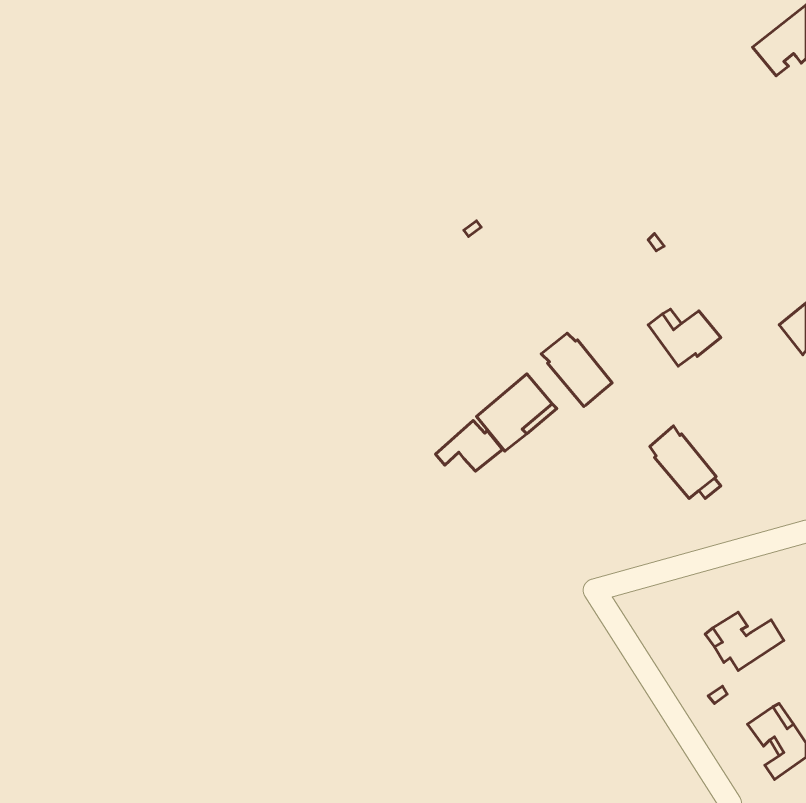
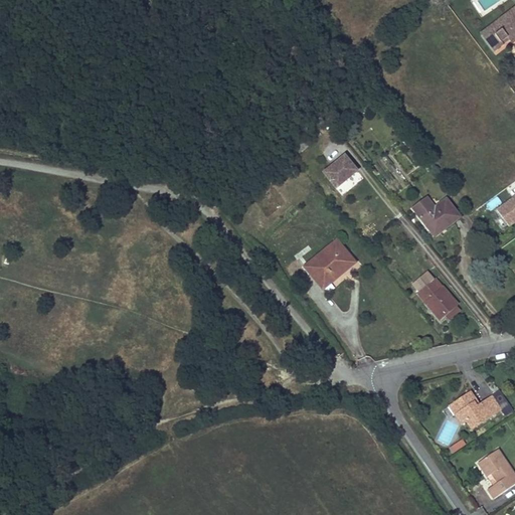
building: none -> [324,155,358,188]
building: [541,333,612,406] -> none
building: [435,421,502,471] -> none

